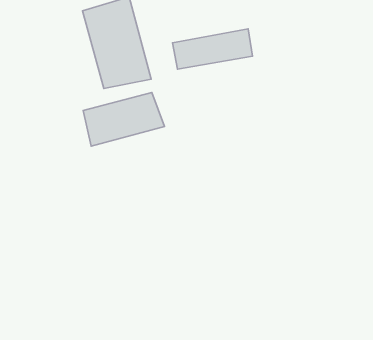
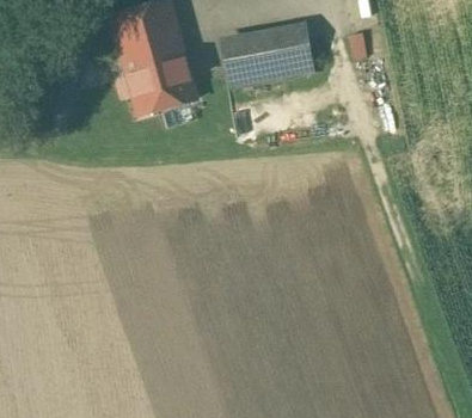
building: [83,92,164,146] -> none

